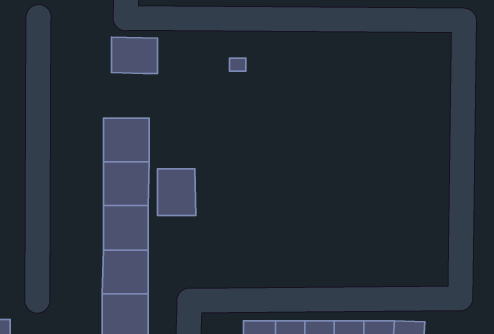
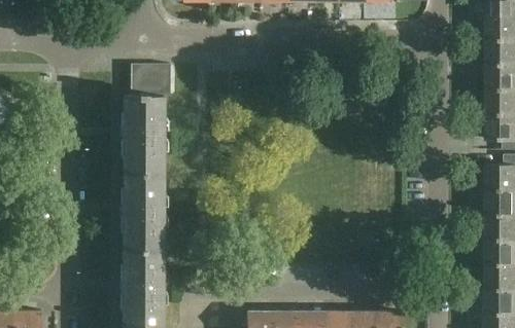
building: none -> [124,95,164,135]
building: [157,169,196,216] -> none

